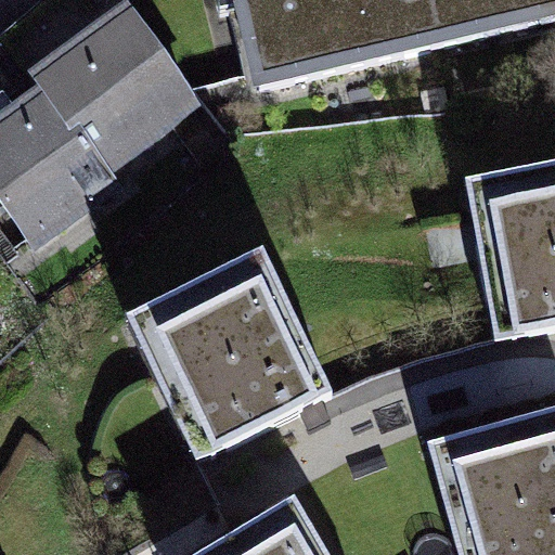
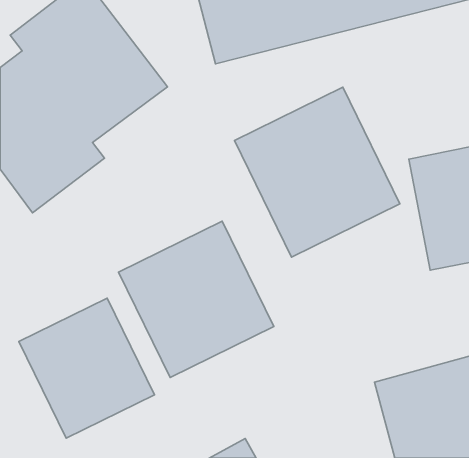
building: none -> [234,87,400,257]
building: none -> [19,298,155,438]

